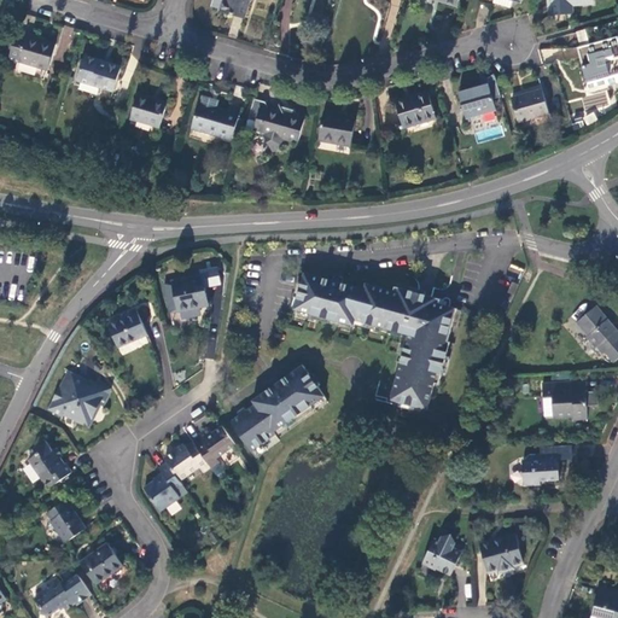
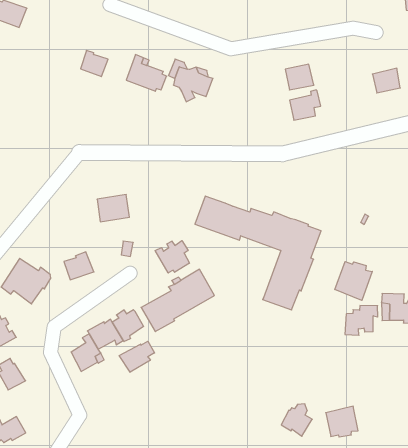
building: [78,56,121,91] -> none
building: [460,76,501,117] -> [290,90,321,120]
building: [319,111,355,145] -> none
building: [107,309,147,346] -> [64,252,94,280]
building: none -> [155,241,189,273]
building: none -> [335,262,372,300]
building: [523,445,564,485] -> [345,306,378,335]
building: none -> [119,341,155,372]
building: [81,541,123,582] -> none

